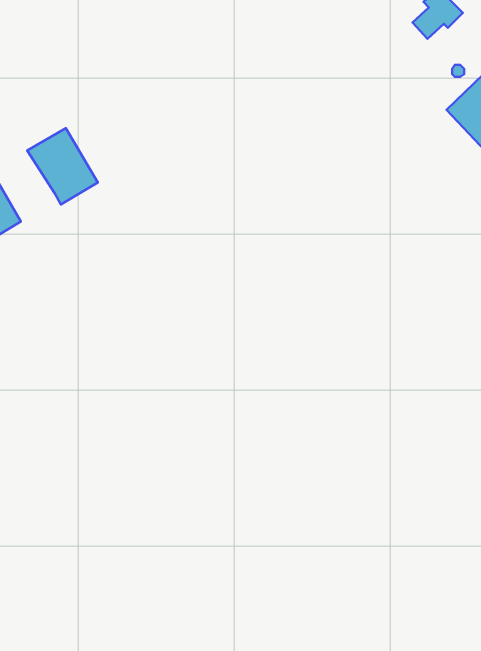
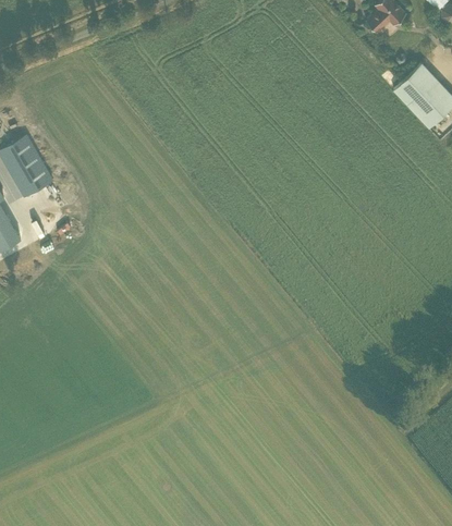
building: [27,128,98,204] -> none

